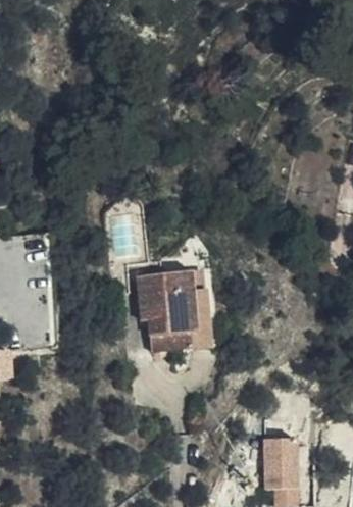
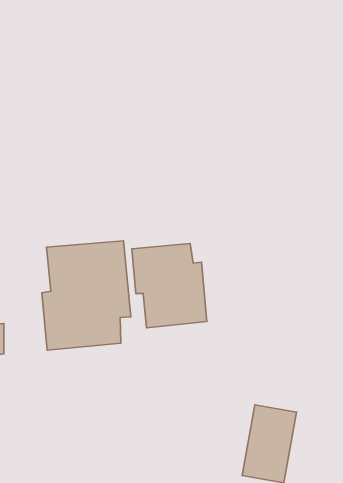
building: none -> [42,241,131,350]

